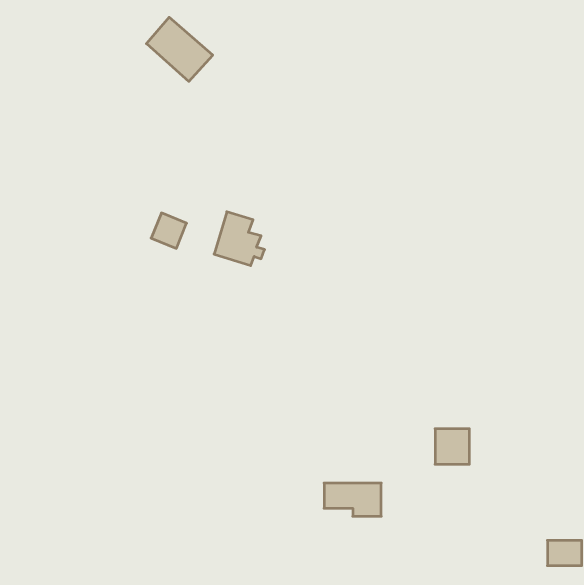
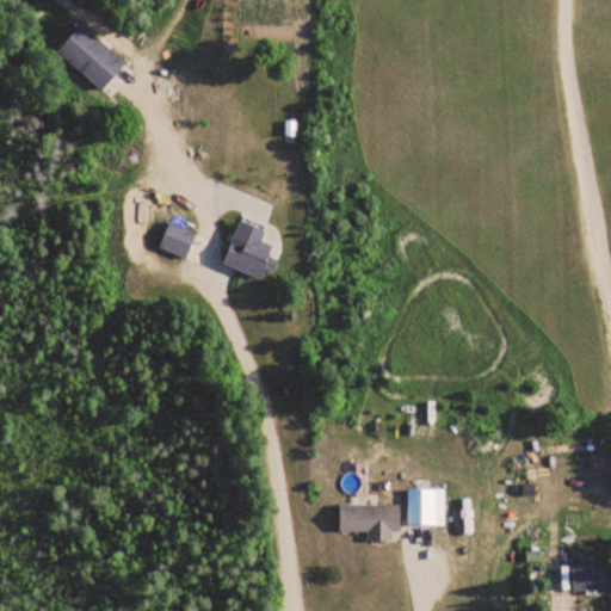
building: [146,17,213,81] -> [57,25,126,92]
building: [435,429,469,464] -> [408,488,444,525]

